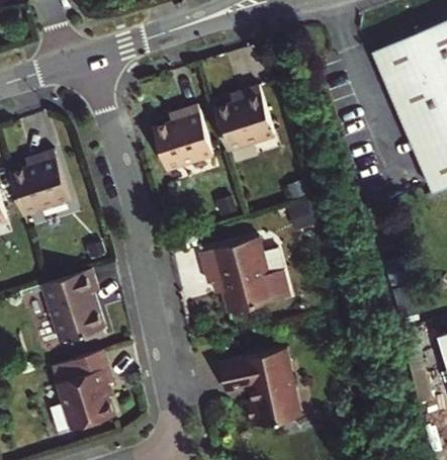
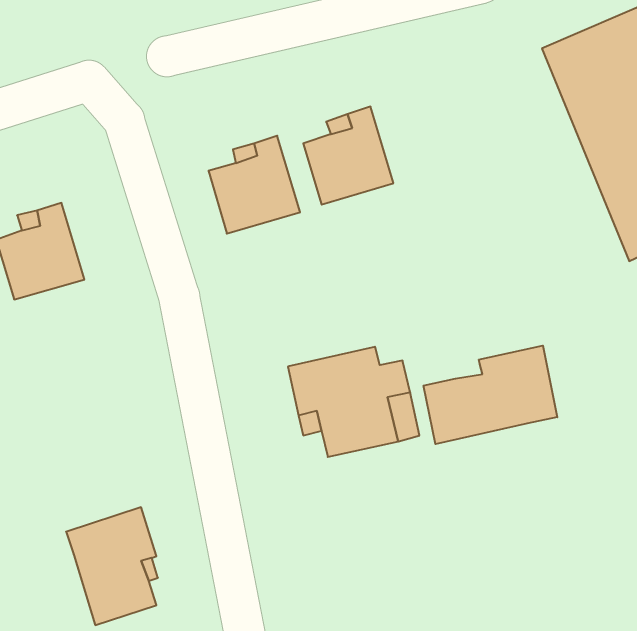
building: none -> [424,346,557,444]
building: [41,271,103,345] -> none
building: [218,343,301,422] -> none

